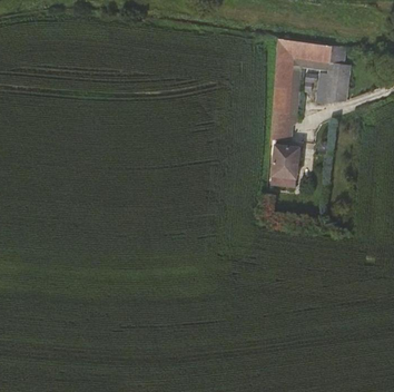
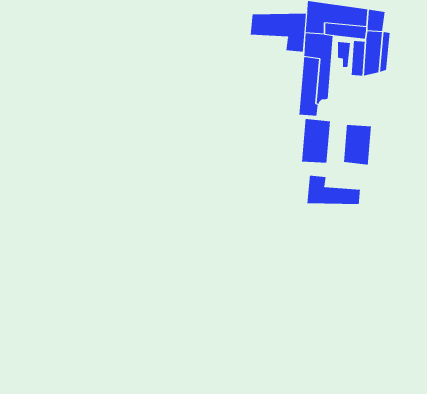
building: none -> [250,13,306,53]
building: none -> [343,124,371,166]
building: none -> [307,175,361,205]

